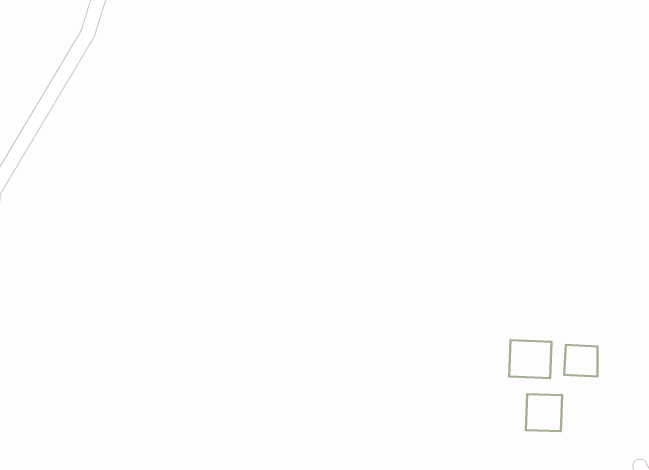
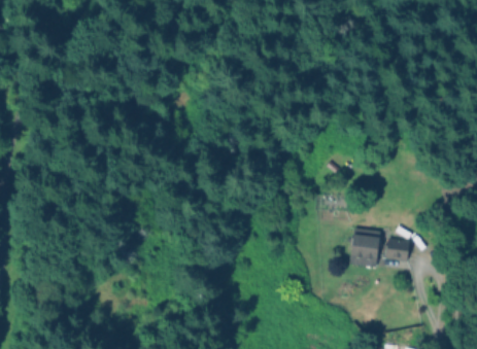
building: [526,394,562,431] -> none

